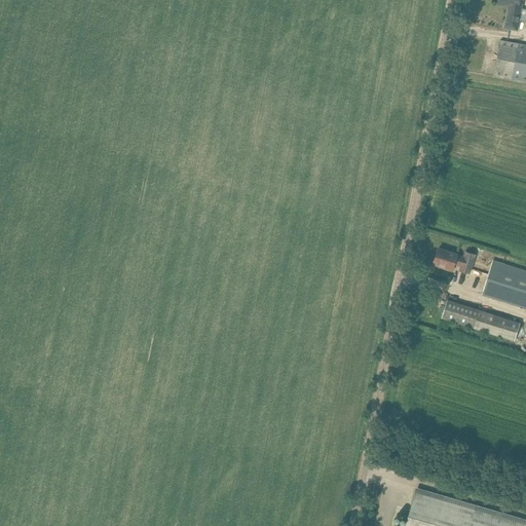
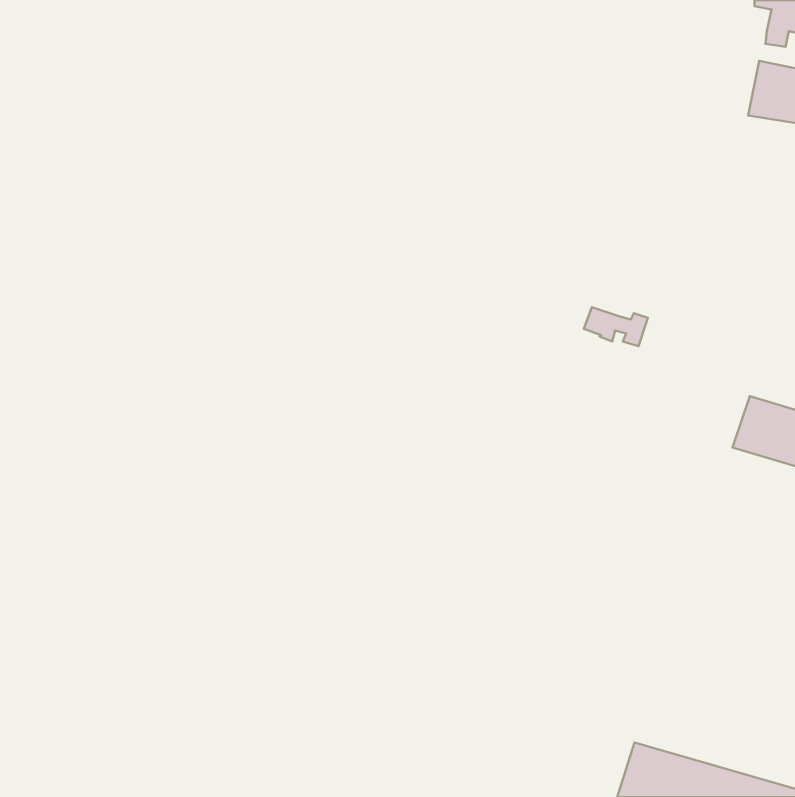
building: [435,249,477,274] -> [584,307,648,346]
building: [443,300,521,341] -> none

